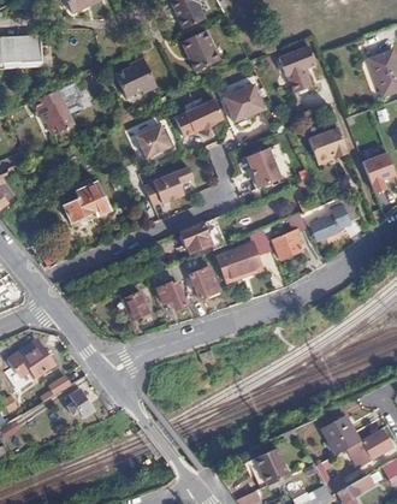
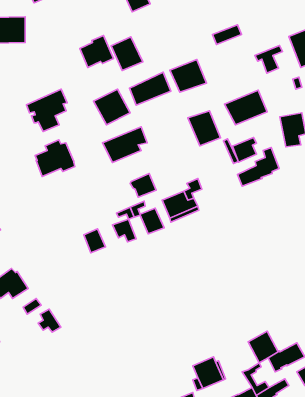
building: [180,30,219,71] -> [111,37,143,71]
building: [283,55,316,89] -> [255,45,283,73]
building: [34,79,83,131] -> [26,89,67,132]
building: [273,229,302,259] -> [233,137,256,162]

